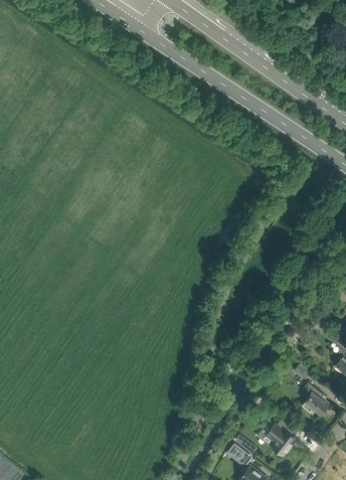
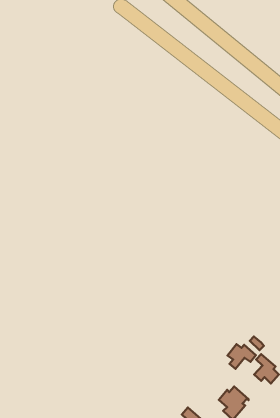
building: none -> [227,344,256,369]

